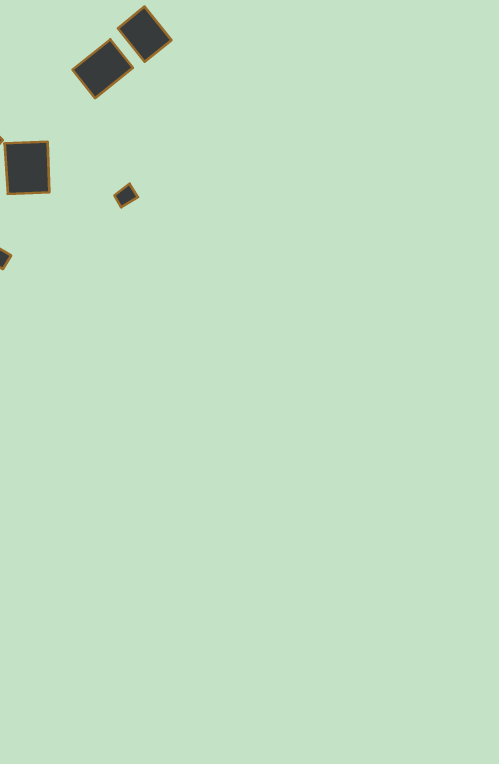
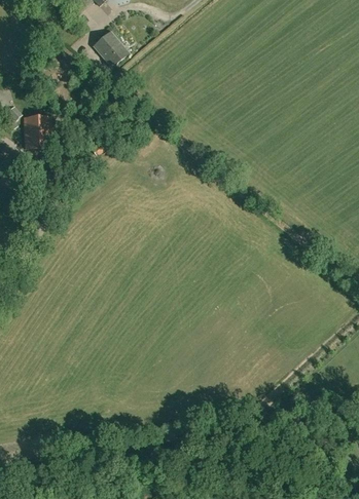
building: [73,39,133,98] -> none

